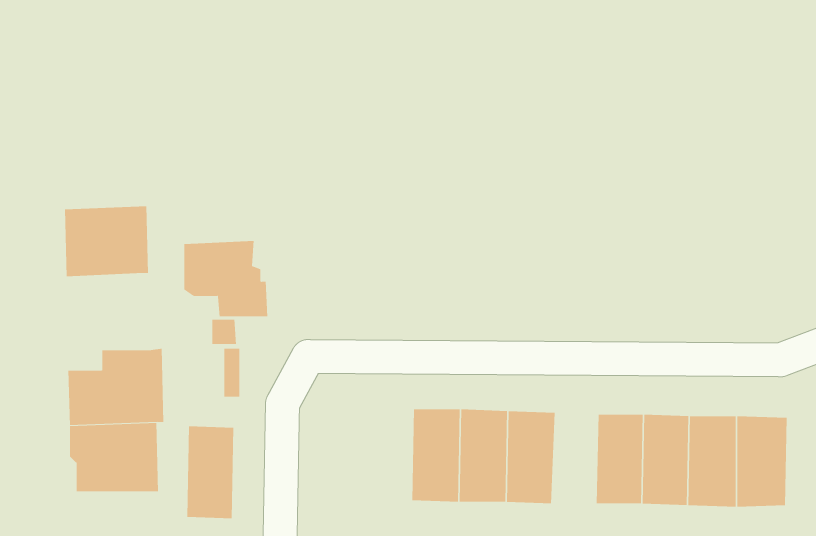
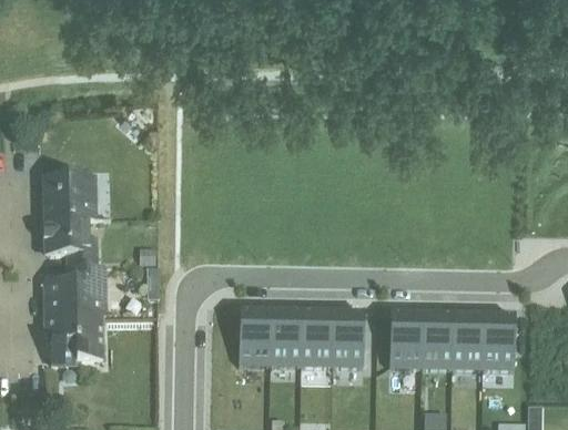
building: [183,241,268,317] -> [43,219,99,269]
building: [187,426,234,519] -> [240,307,271,368]

